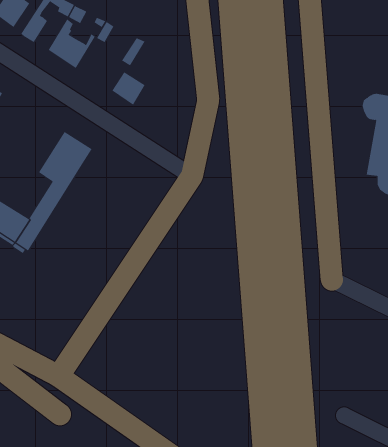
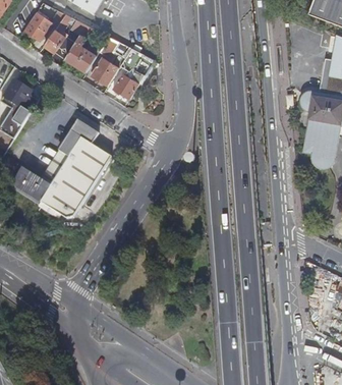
building: none -> [91,58,119,87]
building: none -> [51,144,111,218]

